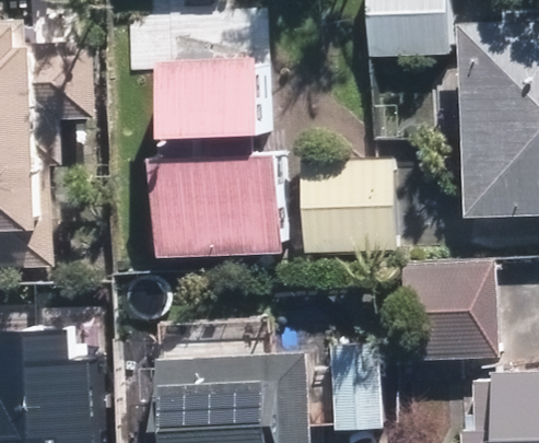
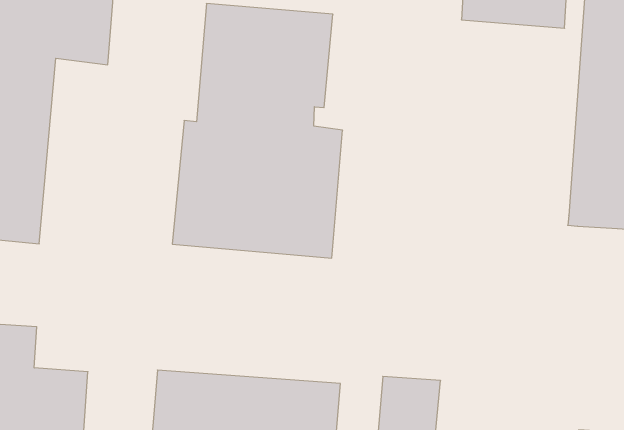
building: [297,156,394,242] -> none
building: [402,260,497,358] -> none

